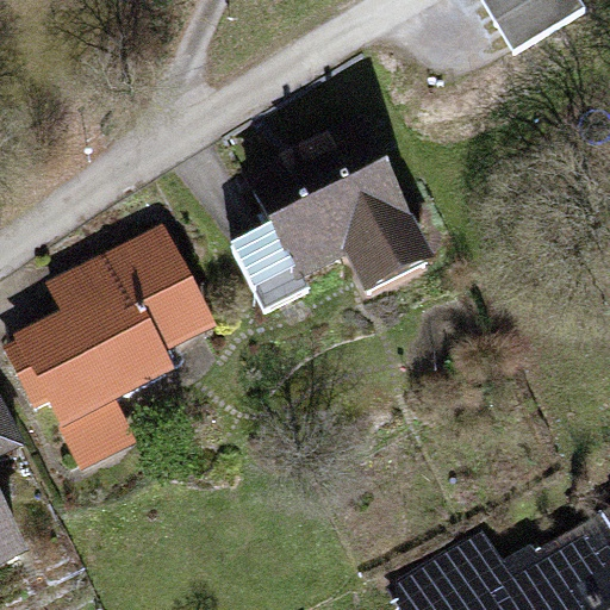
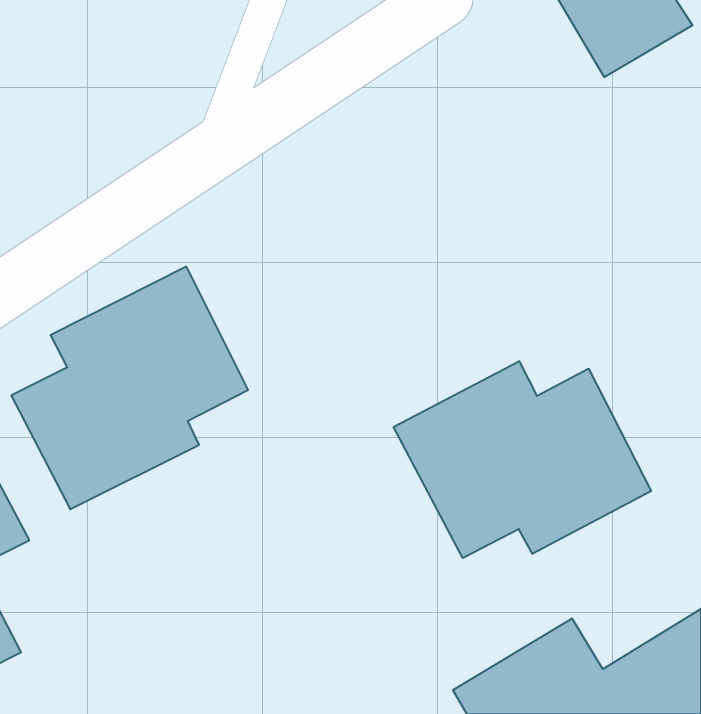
building: [235,117,443,310] -> none
building: none -> [394,361,651,558]

